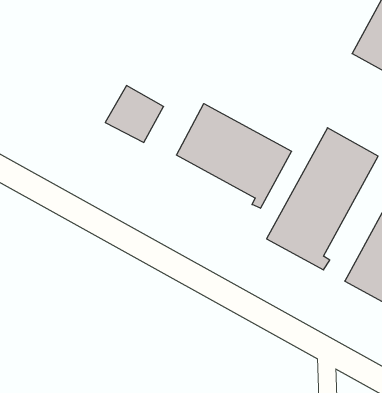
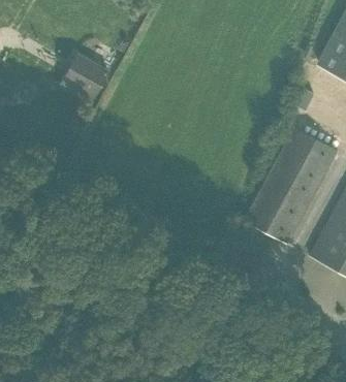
building: [105,86,164,142] -> [59,53,107,100]
building: [176,104,292,208] -> none

